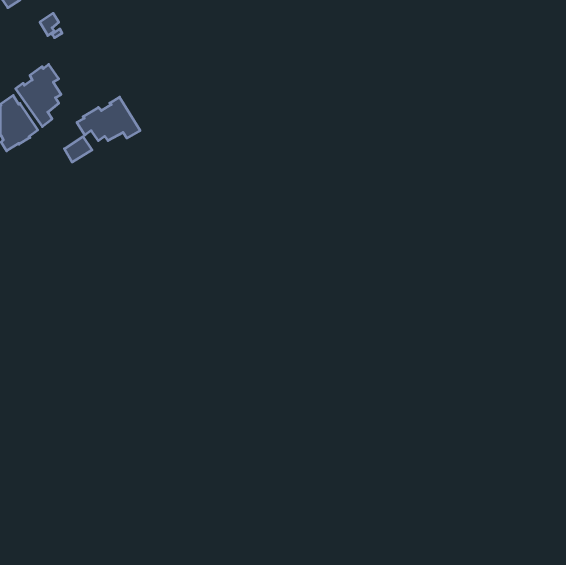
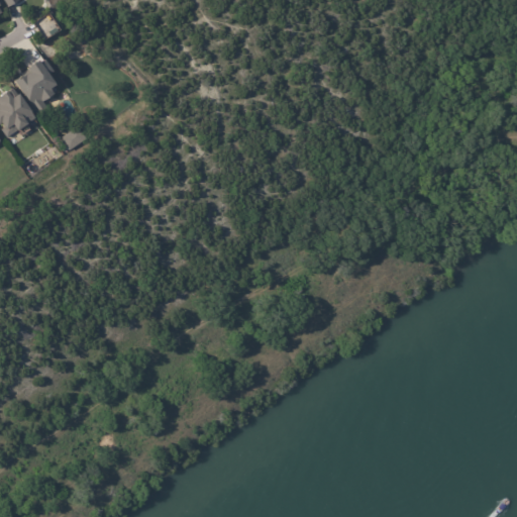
building: [77,97,140,141] -> none

